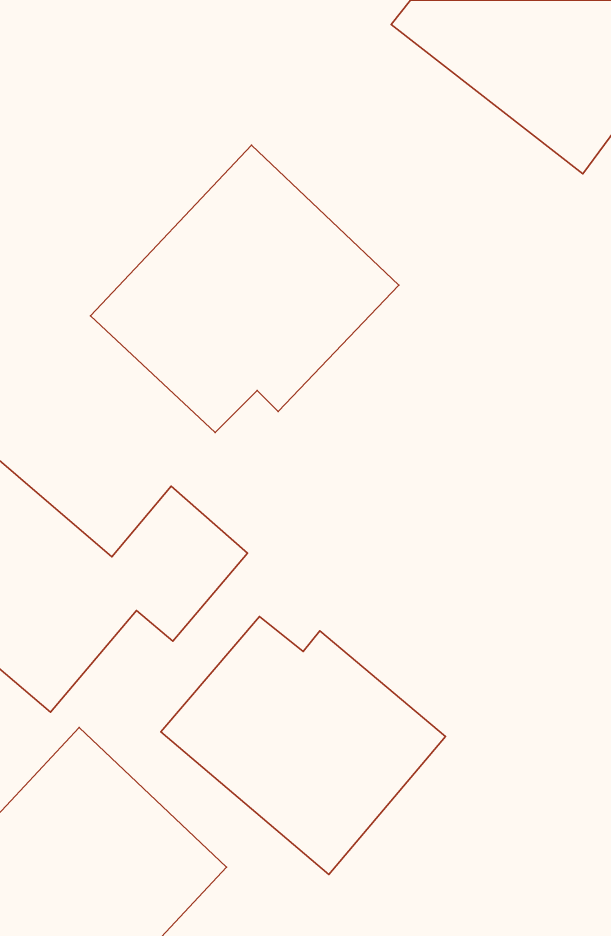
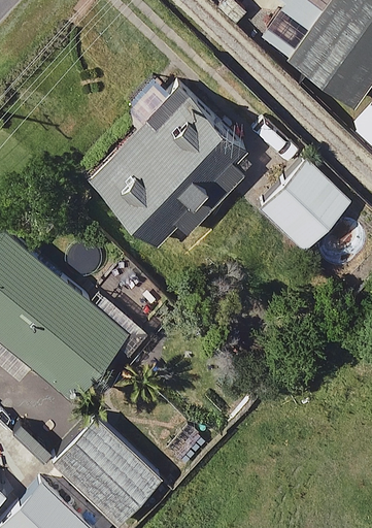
building: none -> [259,161,349,252]
building: [161,616,446,875] -> none

